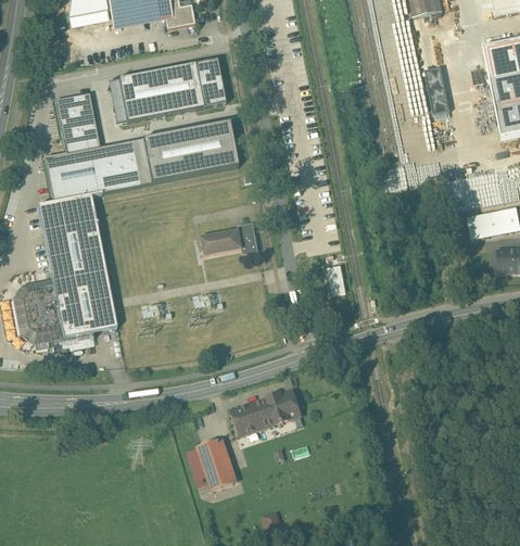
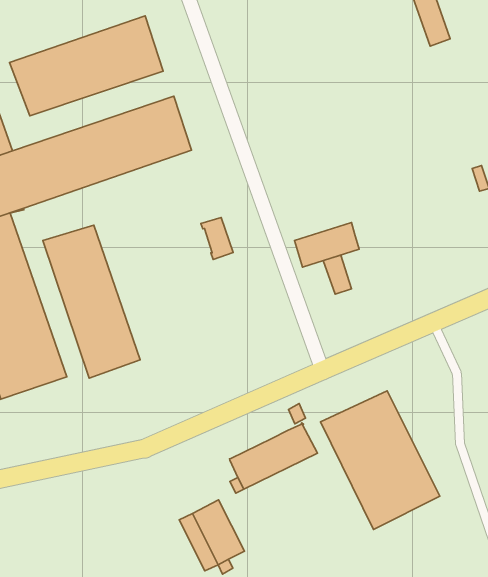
building: none -> [43,225,140,378]
building: [200,228,242,255] -> none
building: none -> [295,223,359,267]
building: none -> [321,391,440,530]

